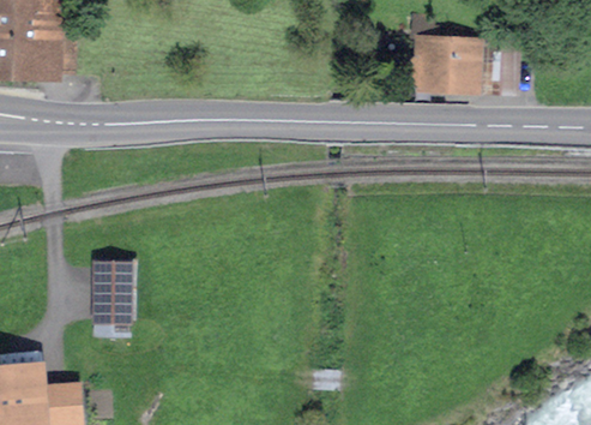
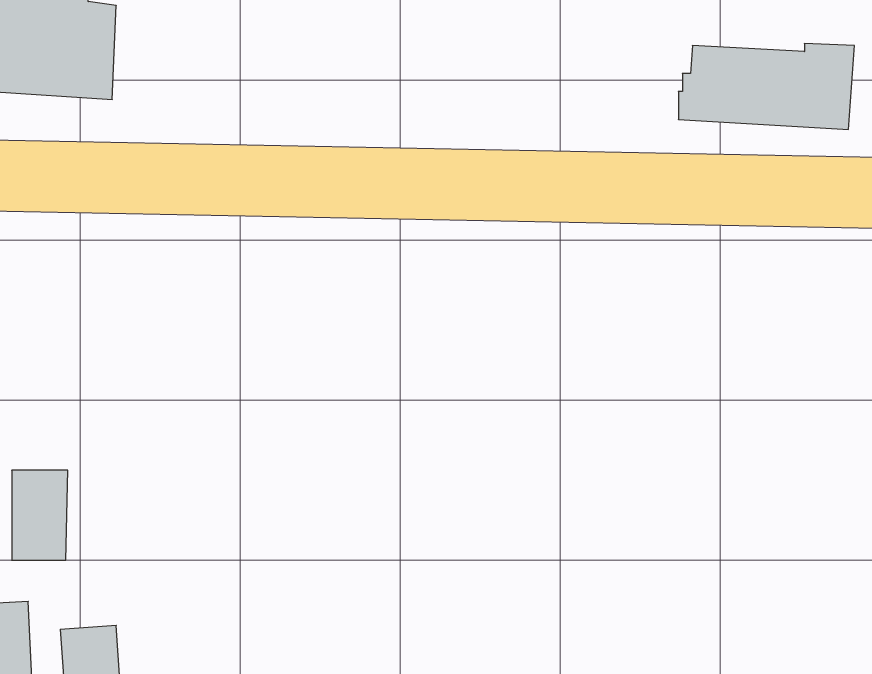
building: [96,264,129,318] -> [12,470,68,560]

